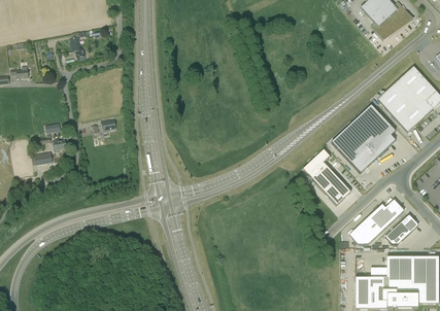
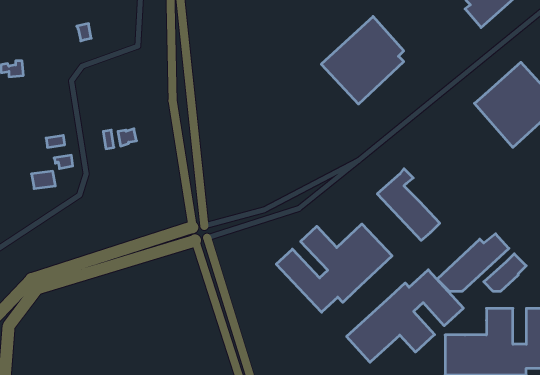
building: [331,104,395,172] -> [321,16,404,104]
building: none -> [276,224,392,312]
building: none -> [347,270,463,362]

